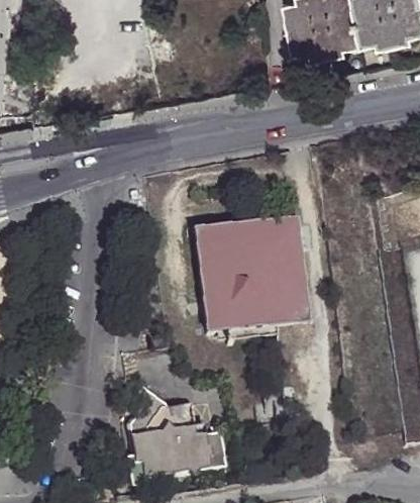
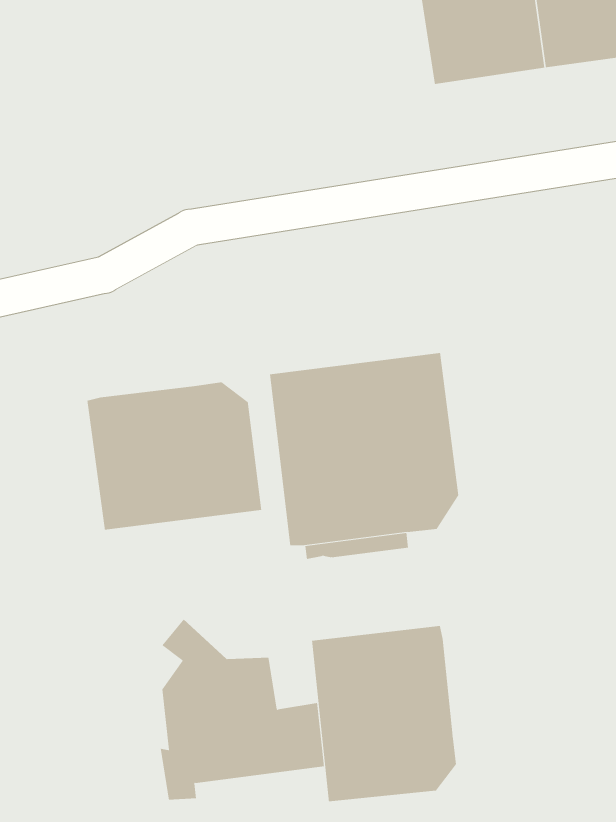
building: none -> [87,381,262,530]
building: none -> [312,625,456,802]

